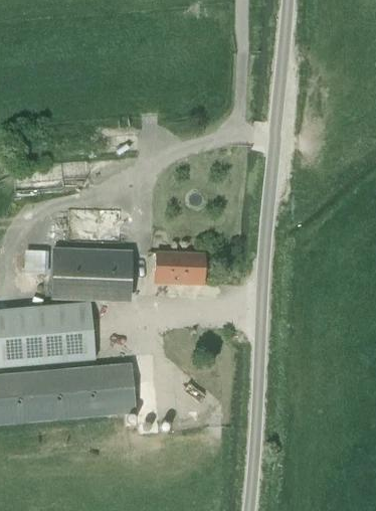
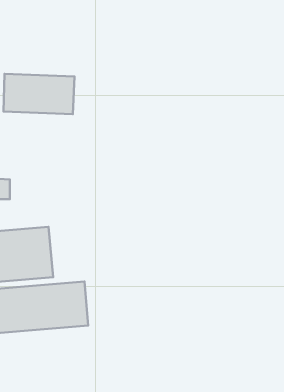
building: [53,247,133,293] -> [4,74,74,114]
building: [157,251,206,284] -> none

